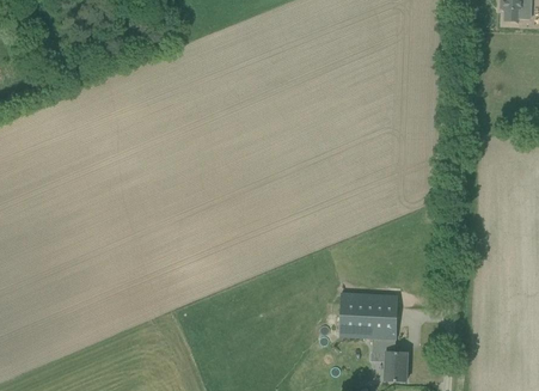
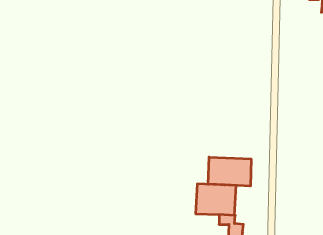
building: none -> [208,157,251,186]

